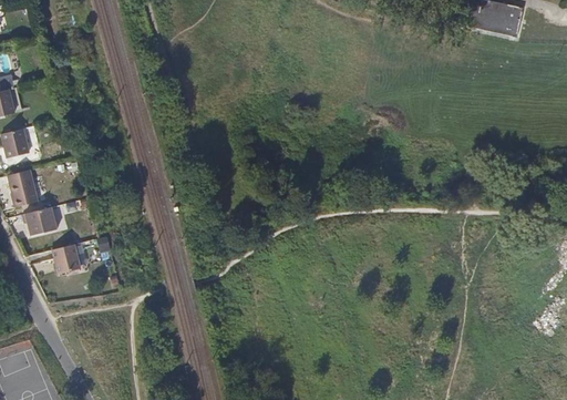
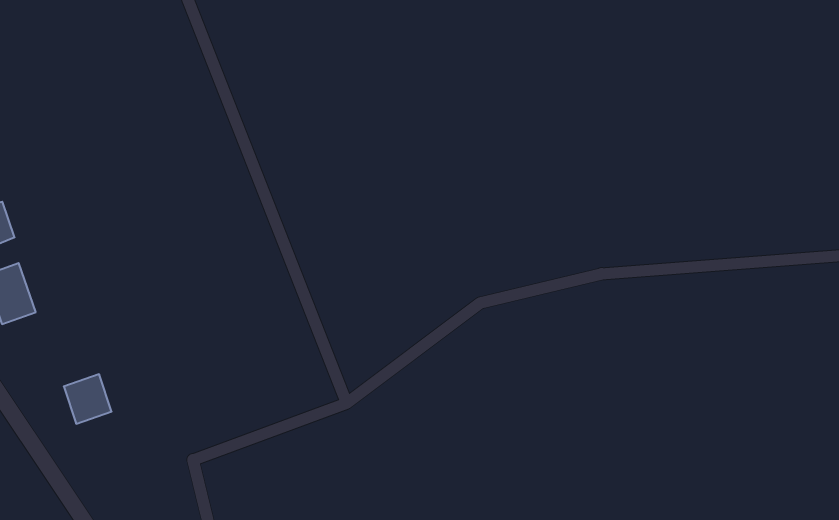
building: [22,207,55,236] -> none

